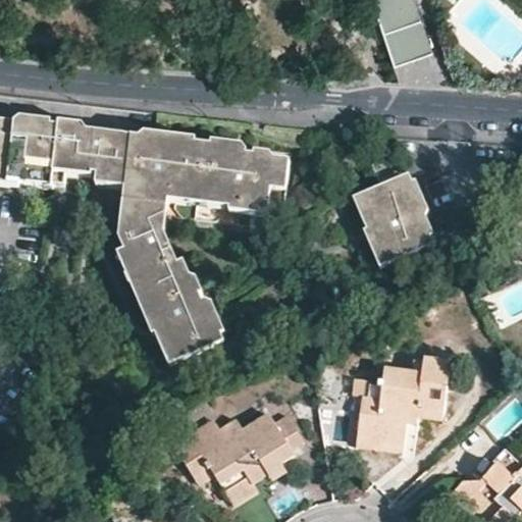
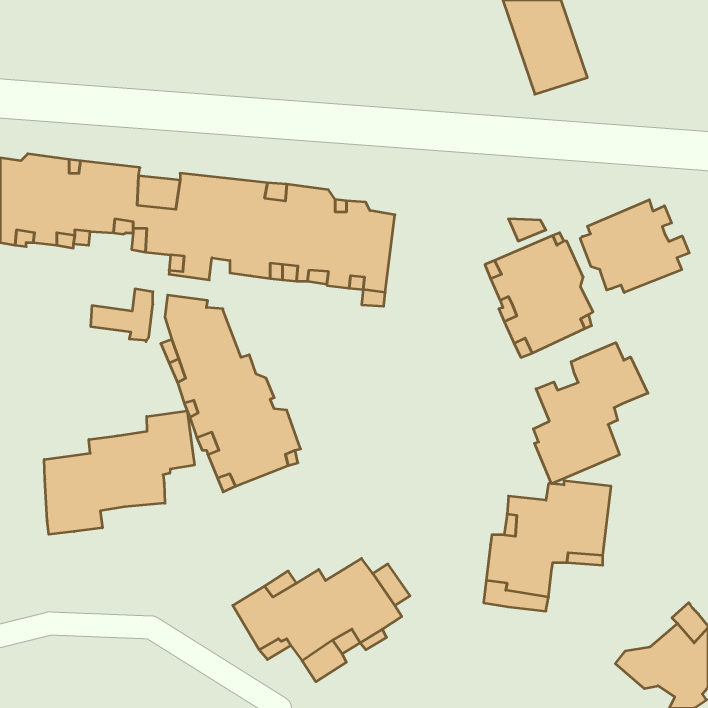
building: none -> [580,200,689,293]
building: [123,190,169,228] -> [91,289,153,342]
building: none -> [533,343,648,484]
building: none -> [44,411,194,534]

